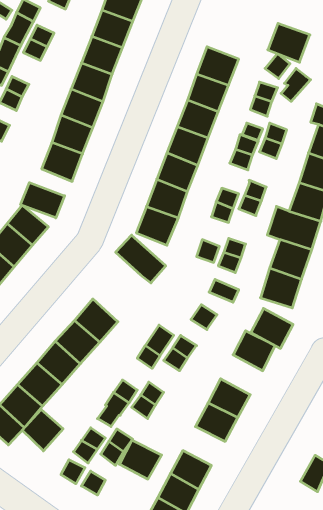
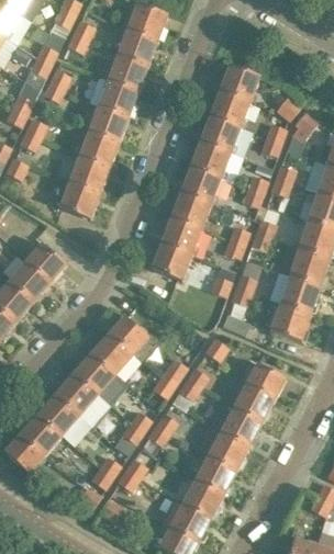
building: [268,23,310,62] -> [220,64,260,101]
building: [21,183,65,218] -> none
building: [116,235,166,283] -> [110,315,158,361]
building: [251,308,293,348] -> [233,385,274,423]
building: [22,410,63,451] -> none
building: [119,440,162,479] -> [197,454,237,491]

